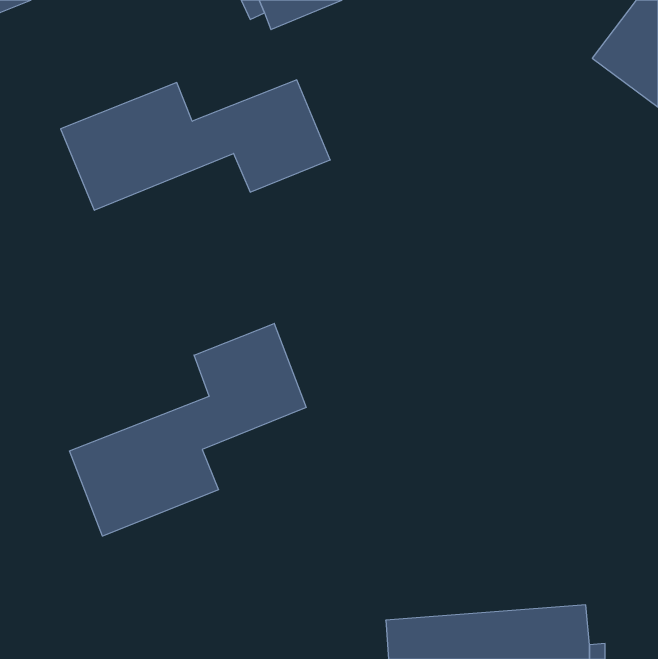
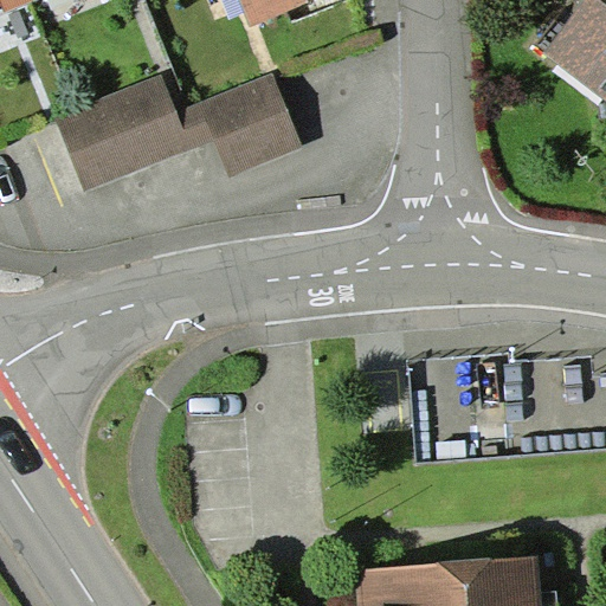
building: [69,323,306,536] -> none

